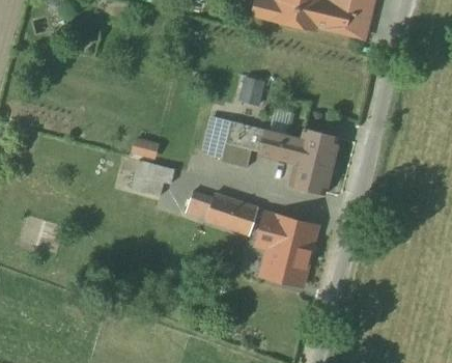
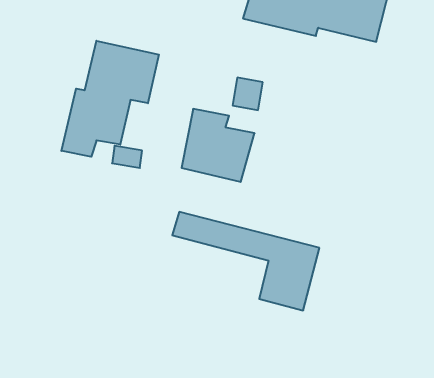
building: none -> [61,41,159,157]
building: [261,129,338,195] -> none
building: [132,159,174,194] -> none

